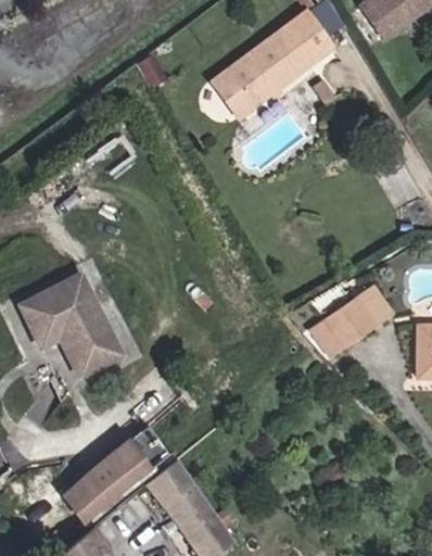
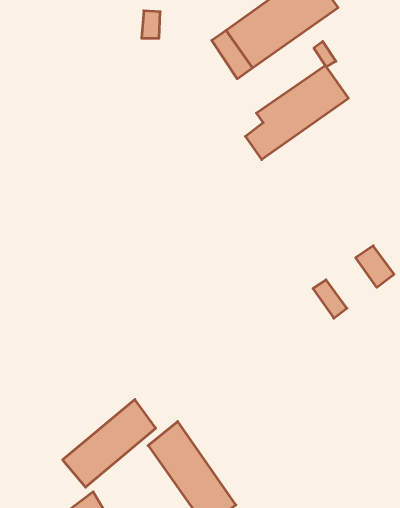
building: none -> [245,65,348,160]
building: [21,277,116,372] -> none
building: [323,296,373,346] -> none

